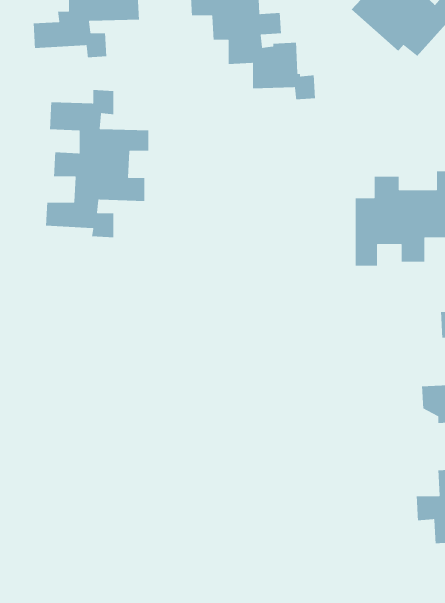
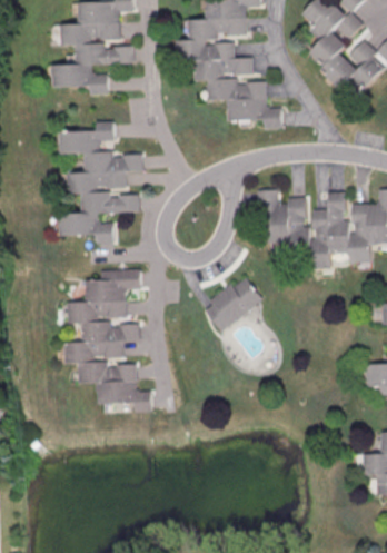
building: none -> [256,189,306,244]
building: none -> [61,269,150,412]
building: none -> [206,282,262,332]

